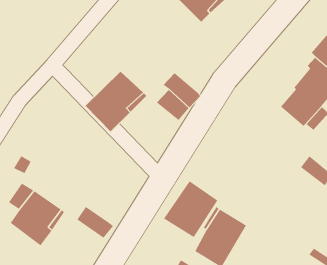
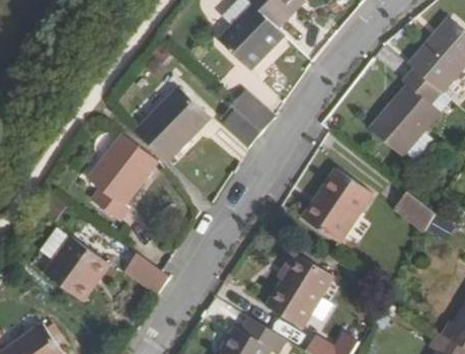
building: none -> [218,5,283,69]
building: none -> [90,134,158,222]
building: [163,180,218,238] -> [303,171,370,241]

